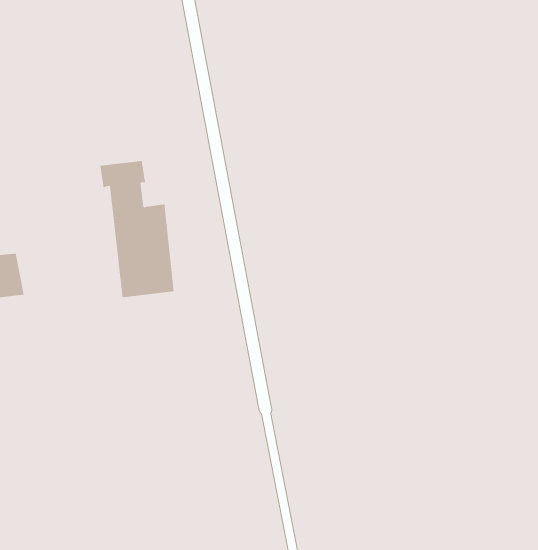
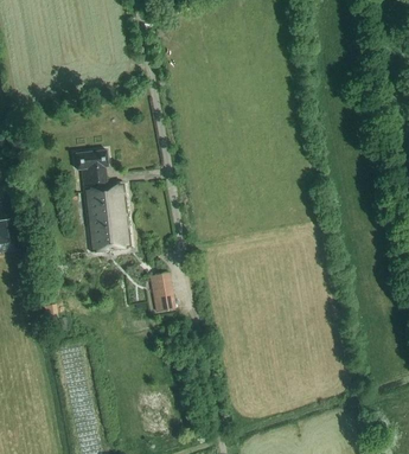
building: none -> [149,271,177,311]

